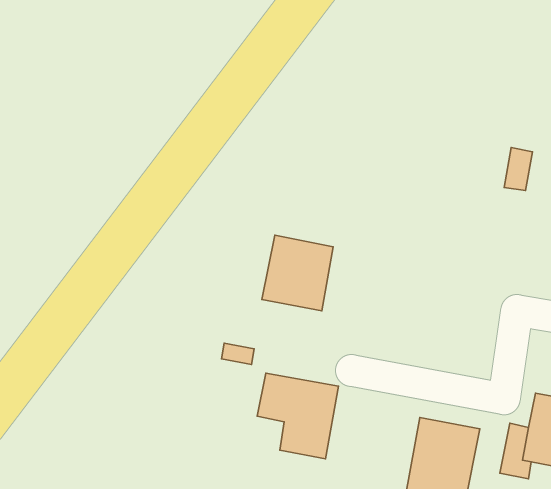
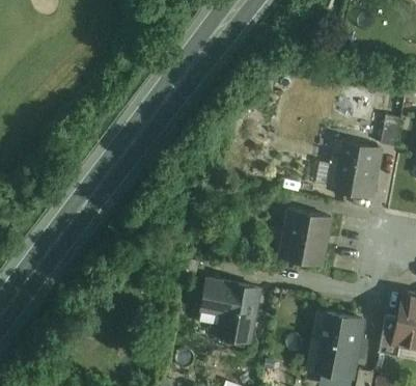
building: none -> [329,142,381,197]
building: [262,235,333,311] -> [279,211,331,266]

